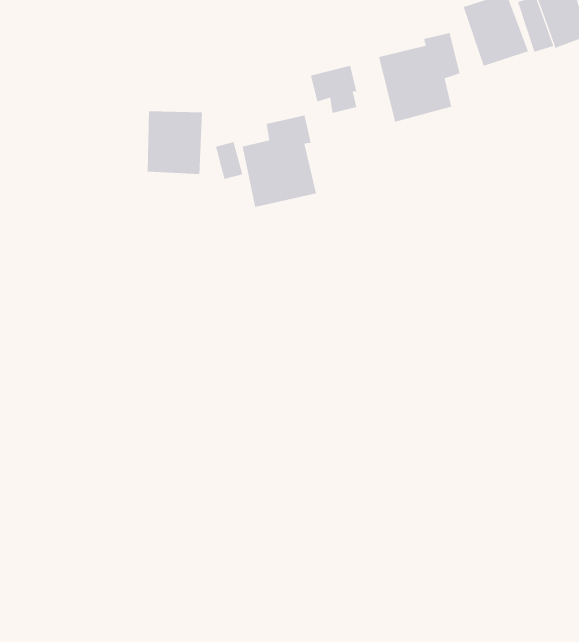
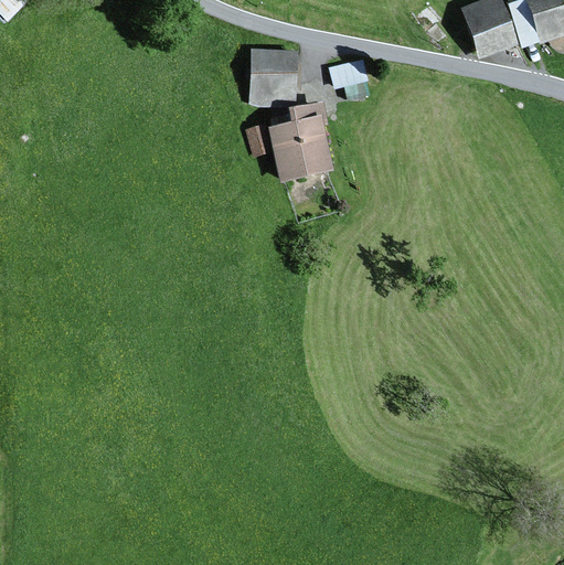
building: [378,32,460,122] -> none
building: [147,111,203,174] -> [249,49,298,104]

